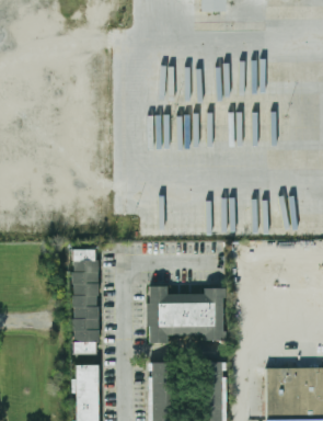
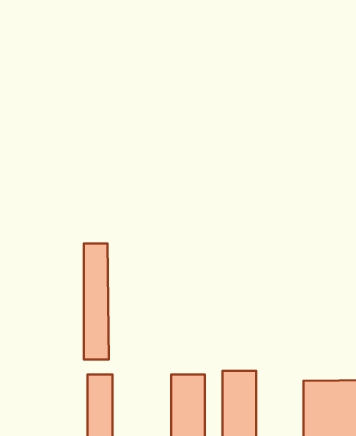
building: [150,282,224,344] -> none

